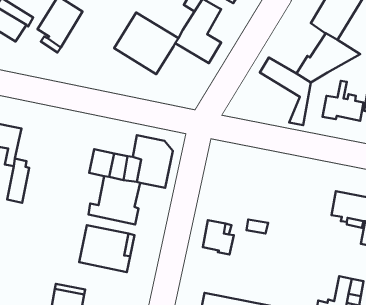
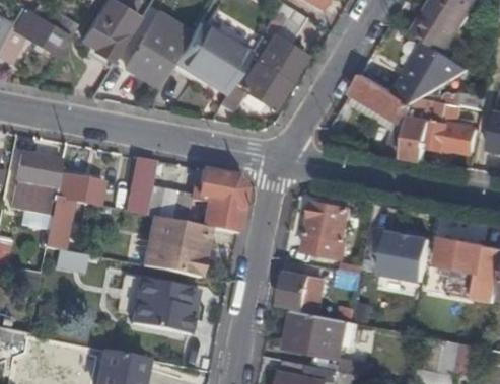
building: none -> [126,13,188,85]
building: none -> [218,58,288,113]
building: none -> [403,93,448,161]
building: none -> [122,157,154,215]
building: none -> [53,175,100,206]
building: none -> [303,203,349,258]
building: none -> [379,230,430,282]
building: none -> [285,310,357,359]

